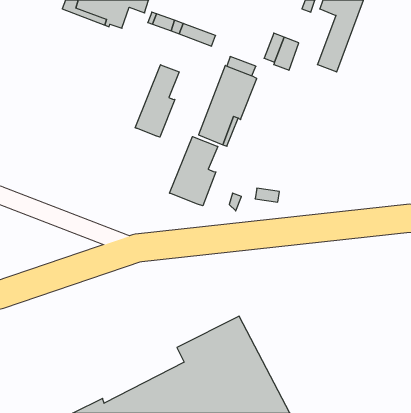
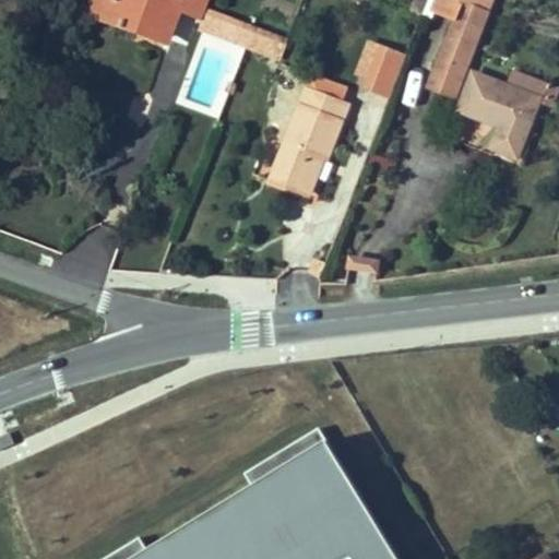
building: none -> [459,73,550,158]
building: [135,65,179,137] -> none
building: [170,137,218,206] -> none

